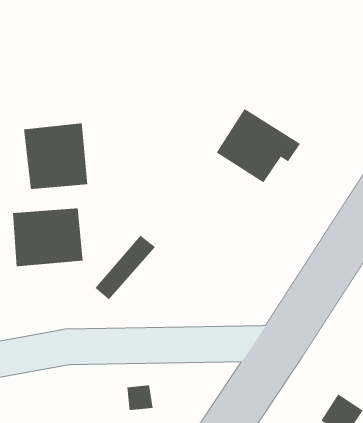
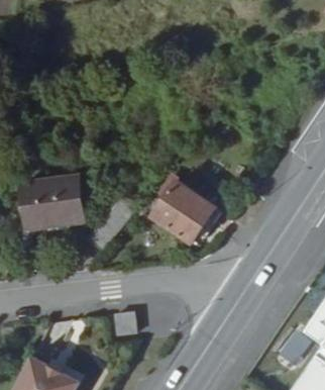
building: [216,108,301,183] -> [159,181,229,242]
building: [24,123,88,190] -> none

